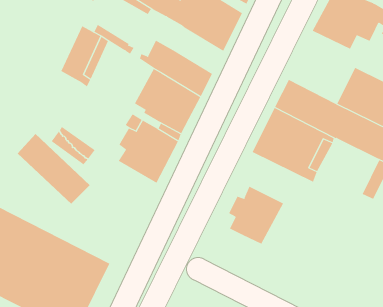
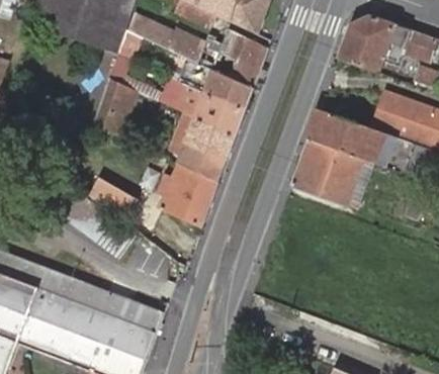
building: none -> [182,59,251,110]
building: [229,186,284,244] -> none

